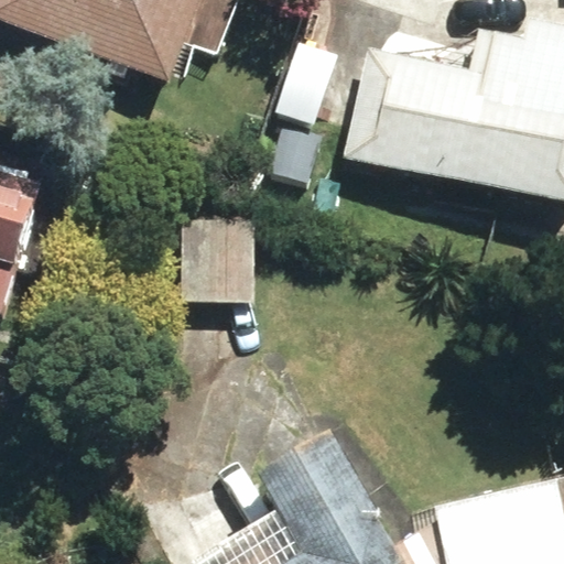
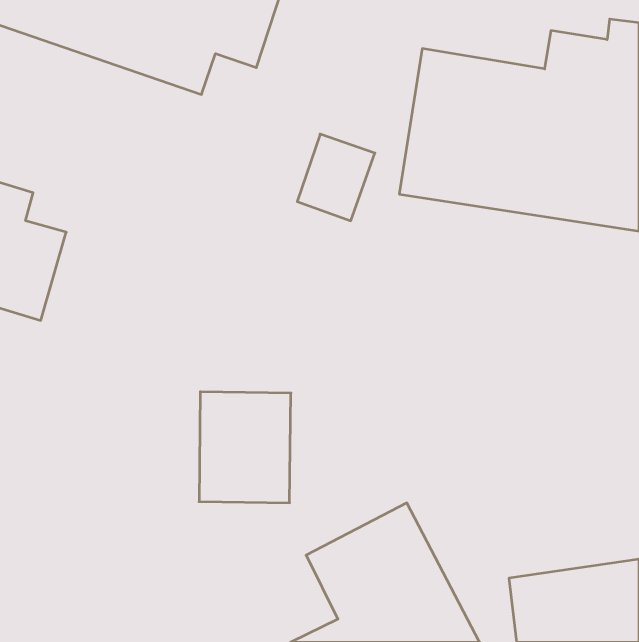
building: [177,209,257,305] -> [199,392,291,503]

